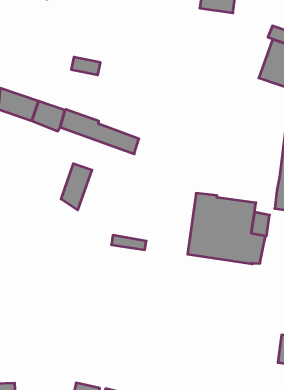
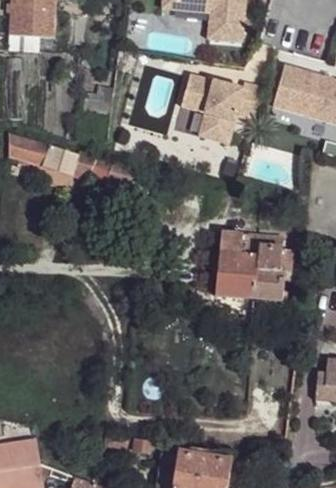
building: none -> [182,74,263,144]
building: [61,164,92,210] -> none

